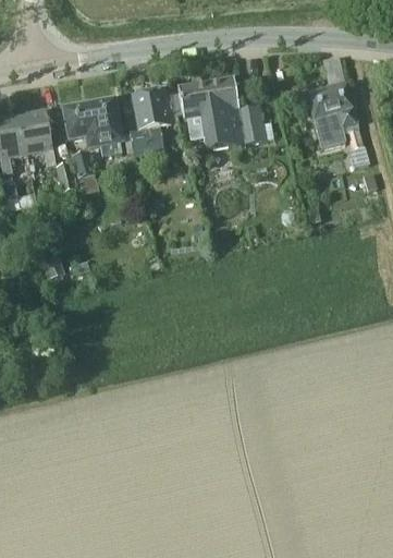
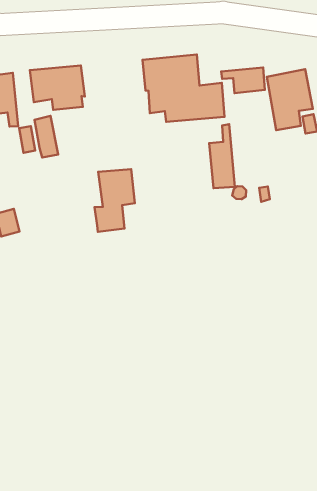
building: none -> [221,67,265,93]
building: [130,89,171,157] -> [94,169,135,232]
building: none -> [209,124,235,188]

